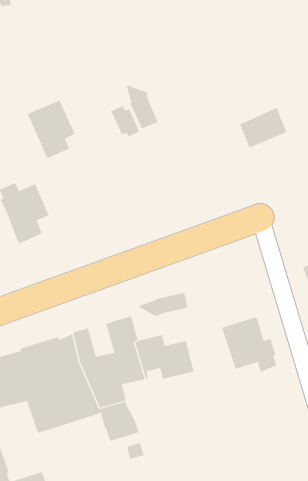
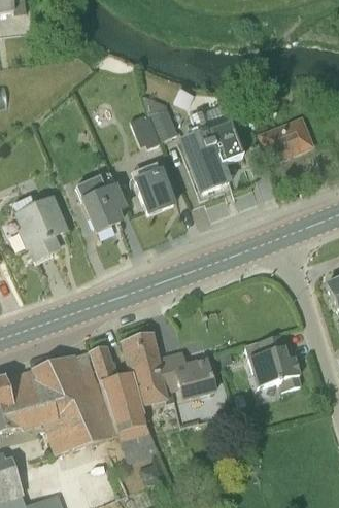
building: none -> [182,106,243,192]
building: [27,100,76,159] -> [76,170,127,231]
building: none -> [137,171,174,213]
building: [137,292,188,317] -> none

